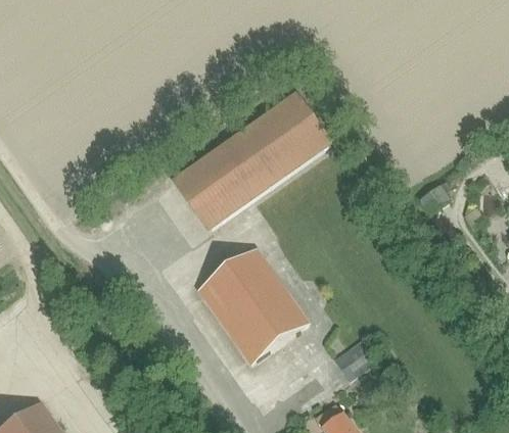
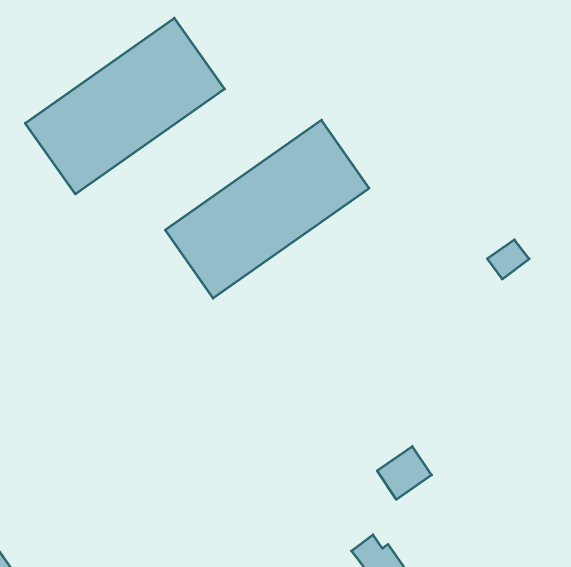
building: none -> [25,18,225,194]
building: [198,249,309,364] -> none

